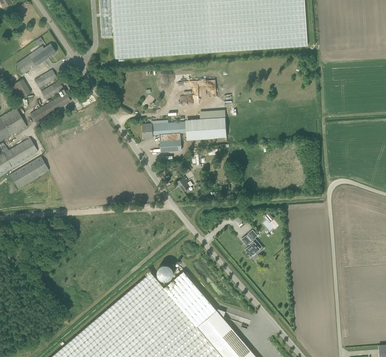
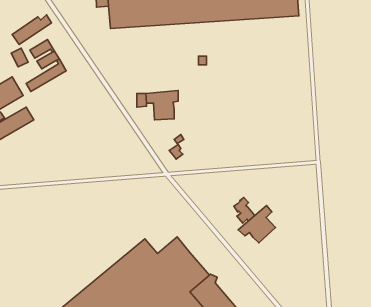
building: [186,117,227,140] -> none
building: [10,156,49,189] -> none
building: none -> [238,206,276,243]

